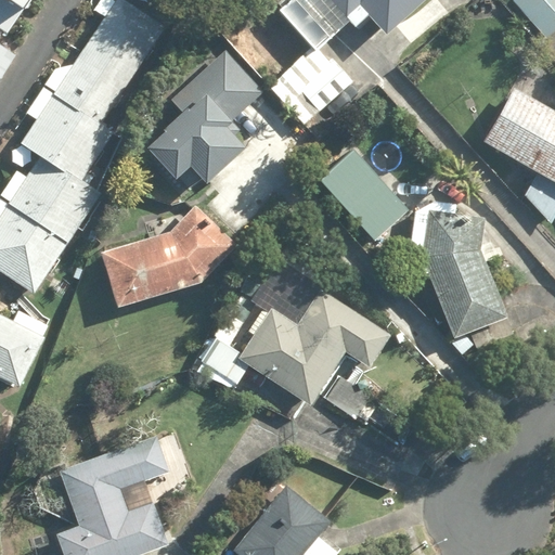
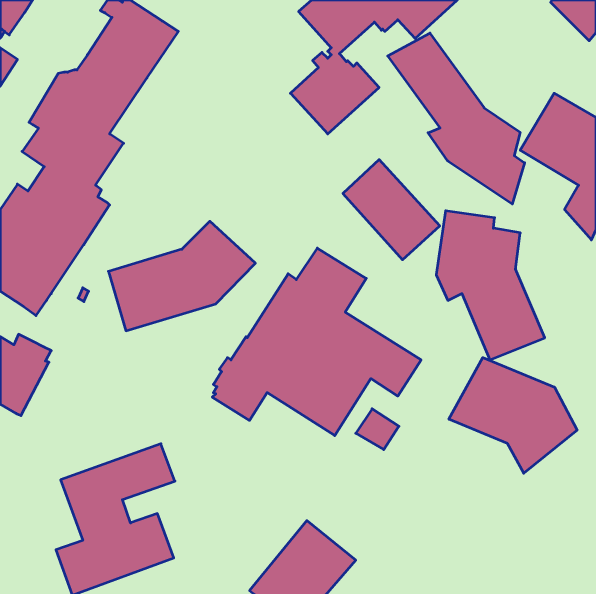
building: none -> [388,33,525,204]
building: [138,49,262,177] -> none
building: none -> [449,358,577,473]

